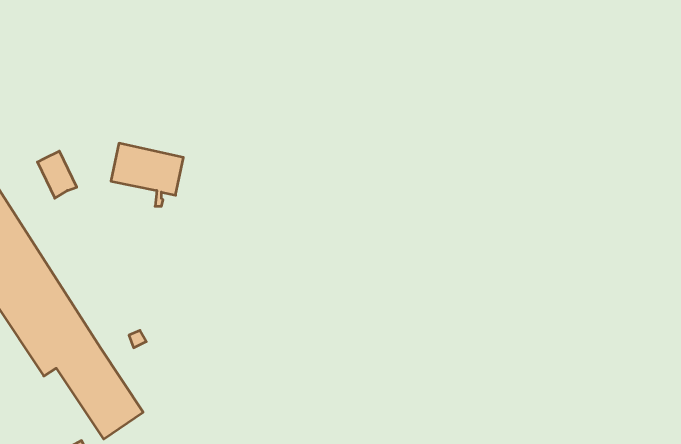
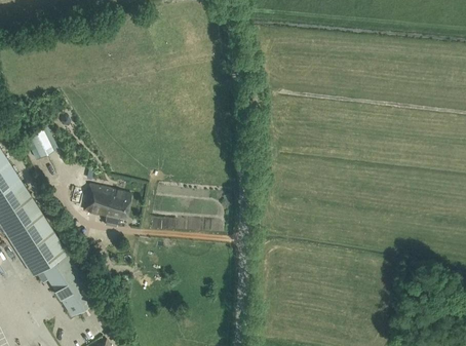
building: [111,143,183,206] -> [82,184,129,225]

